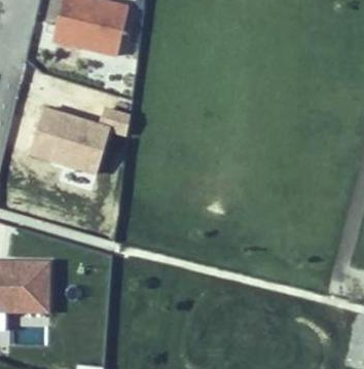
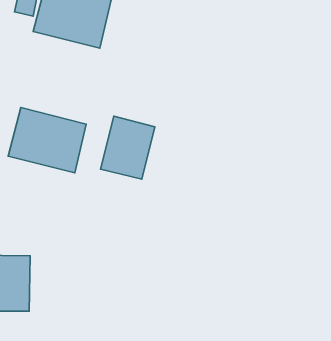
building: none -> [101,116,155,179]

